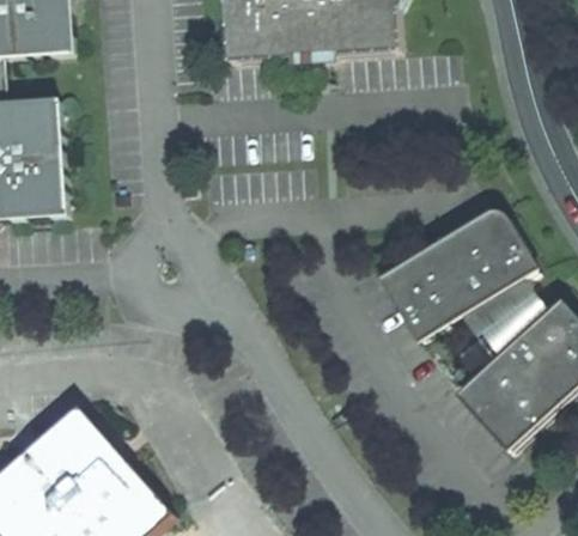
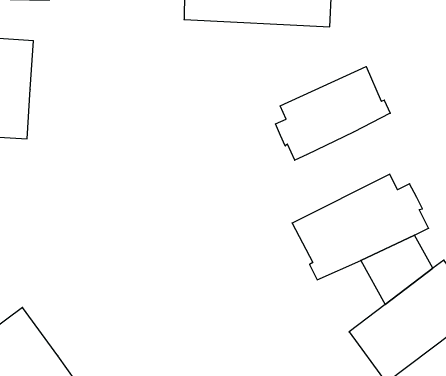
building: none -> [275,67,390,160]

